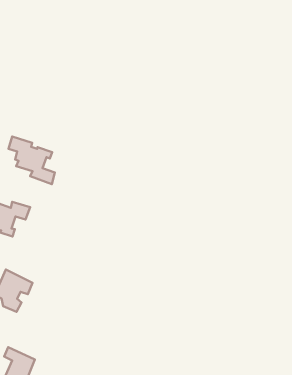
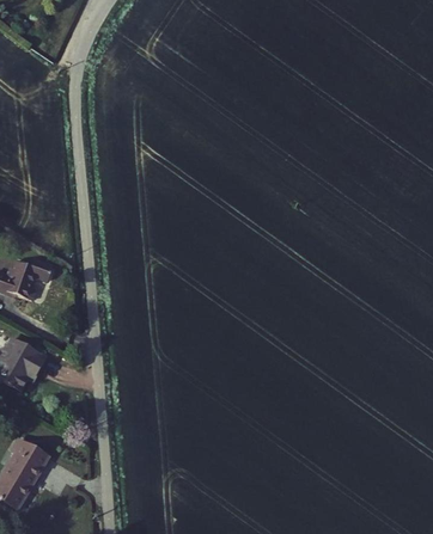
building: [9,136,55,184] -> none

